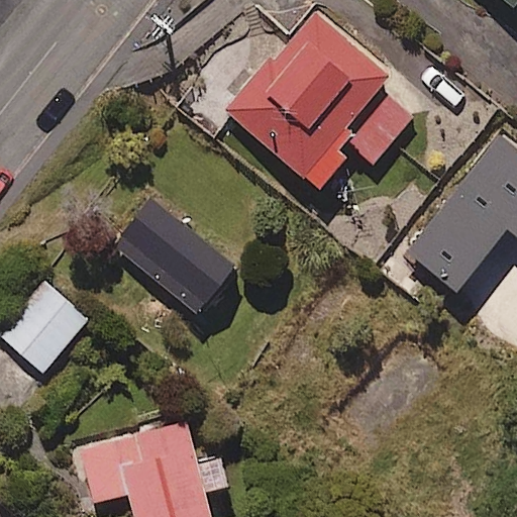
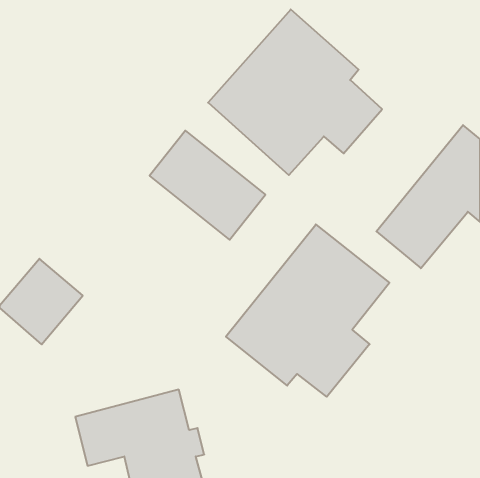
building: [115,196,239,313] -> [150,131,265,240]
building: none -> [226,224,389,397]

